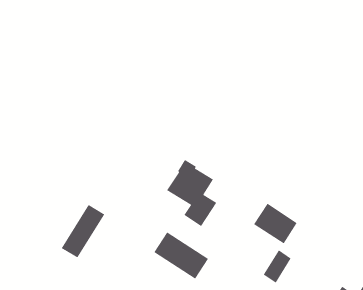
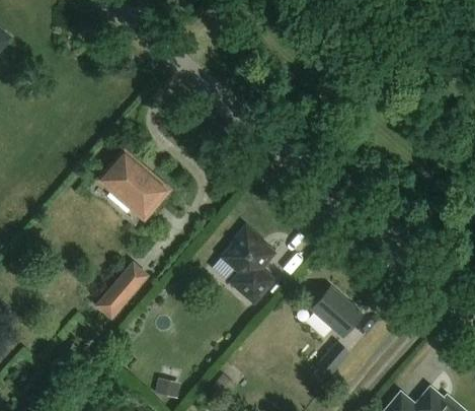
building: none -> [101,154,165,215]
building: [153,232,209,280] -> none

